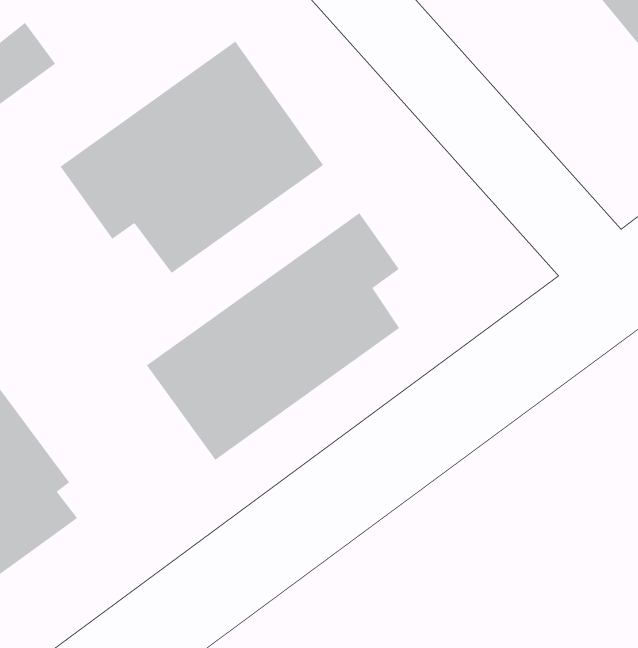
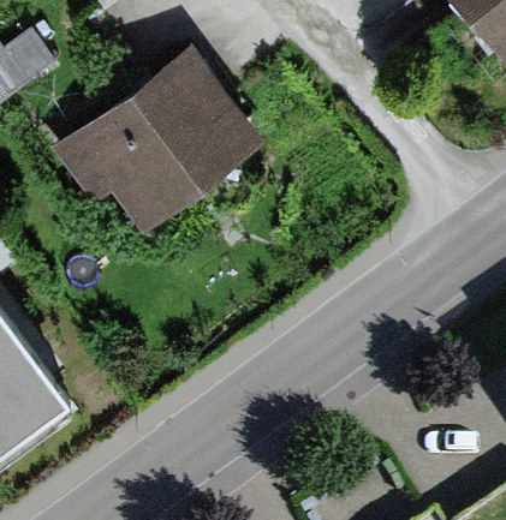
building: [146,212,400,461] -> none

